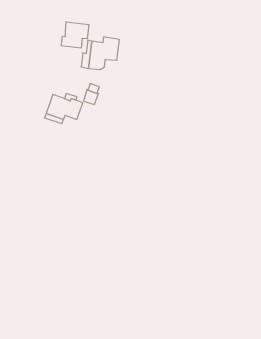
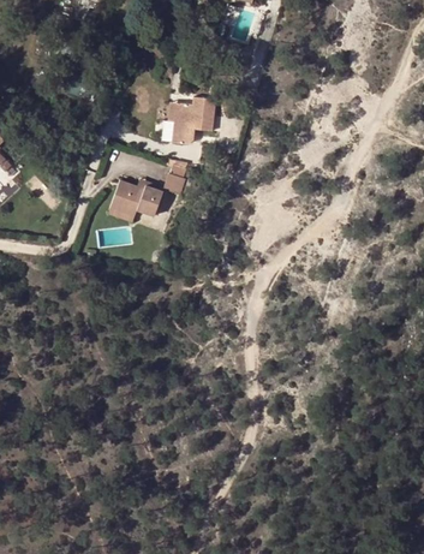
building: [62,22,89,48] -> none

